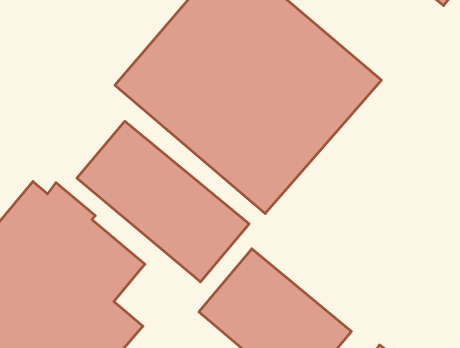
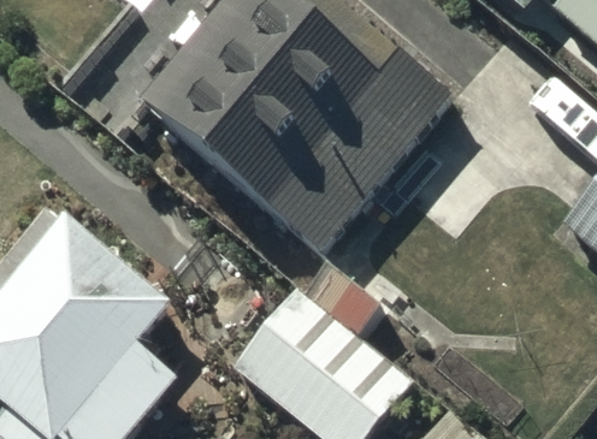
building: [77,121,249,282] -> none

